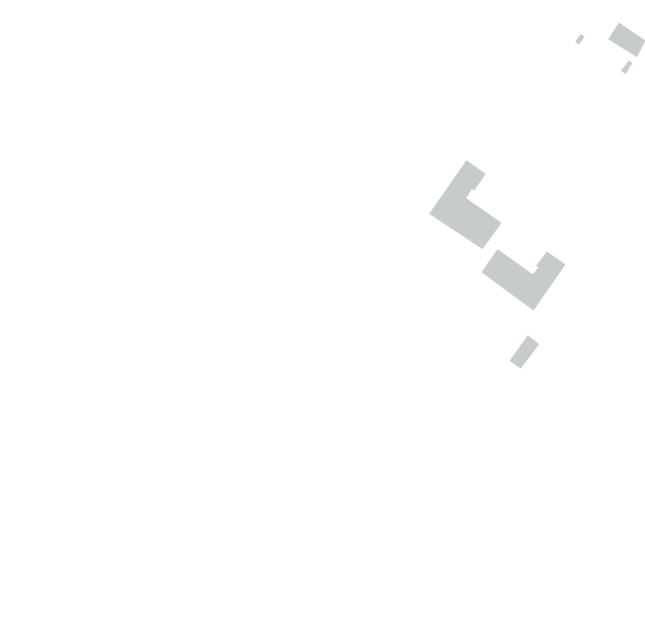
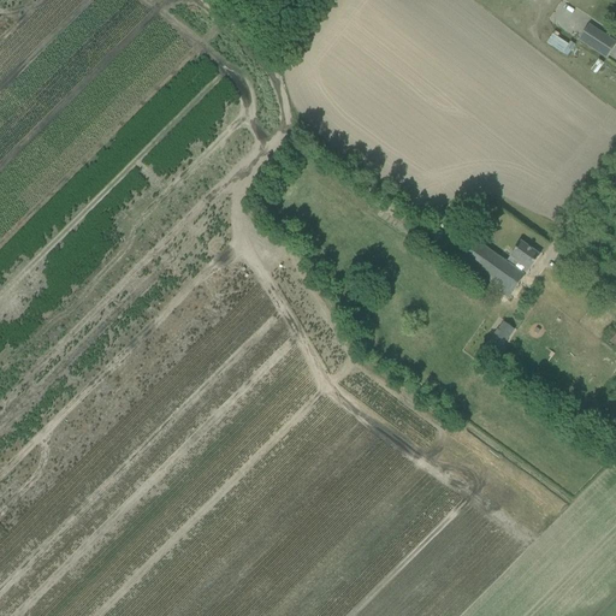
building: [428,159,503,250] -> none

